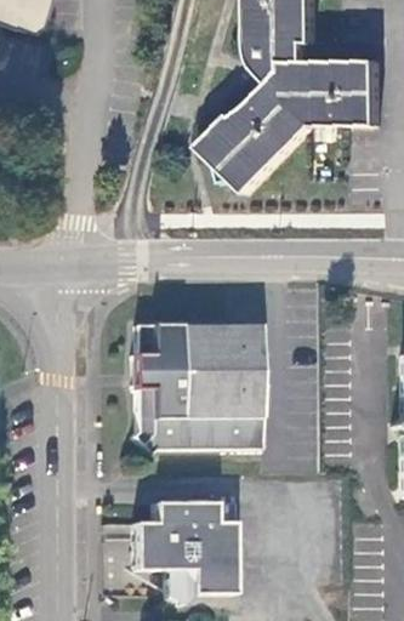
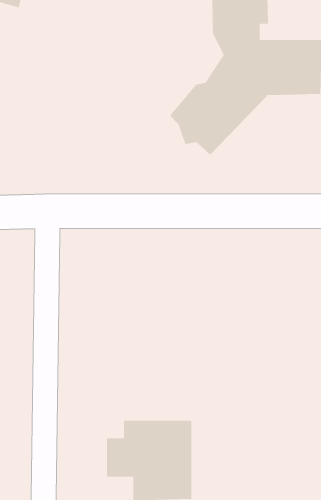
building: [136,325,264,454] -> none

